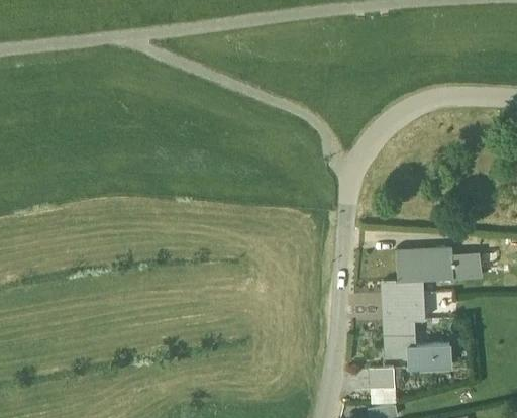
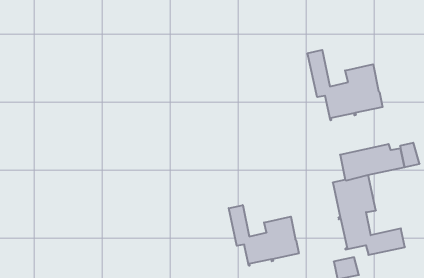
building: none -> [308,50,383,120]
building: none -> [229,205,299,266]

